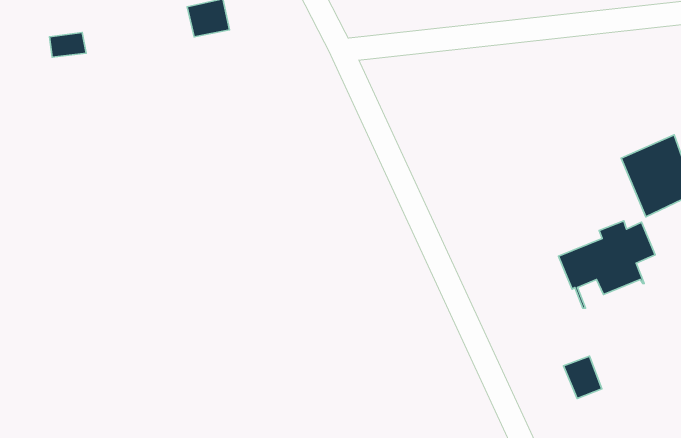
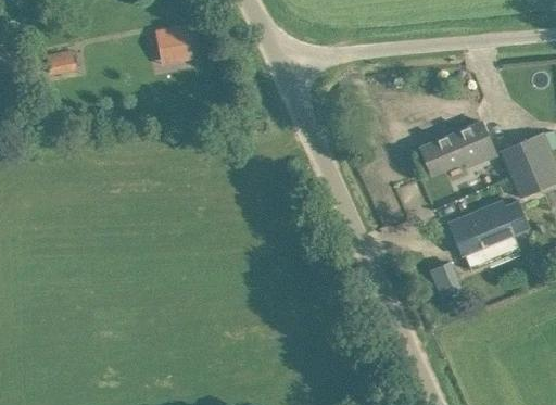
building: none -> [419,122,495,175]
building: [564,356,602,399] -> [429,265,459,299]

